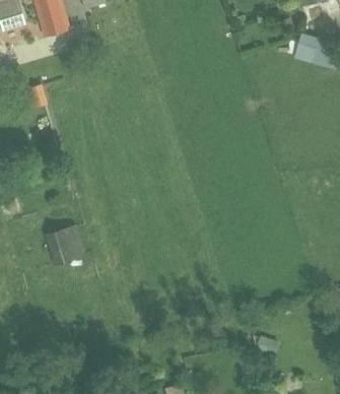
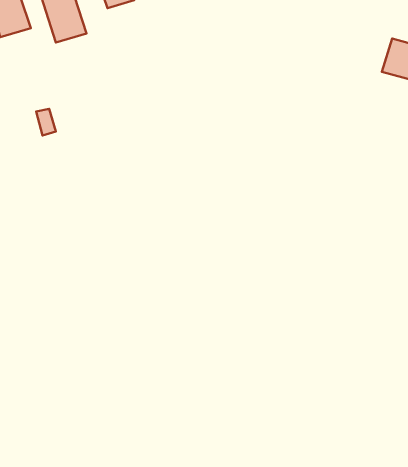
building: [47,226,81,262] -> none

